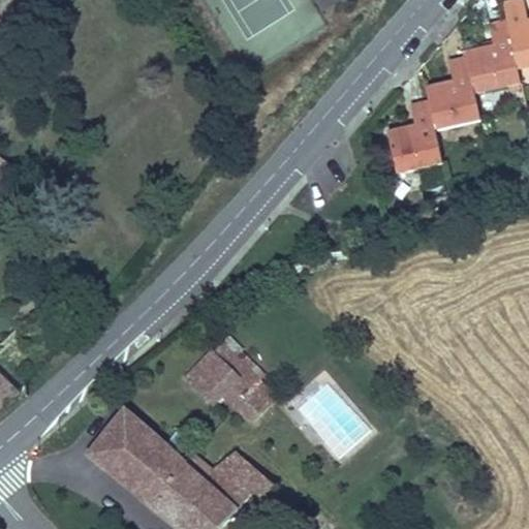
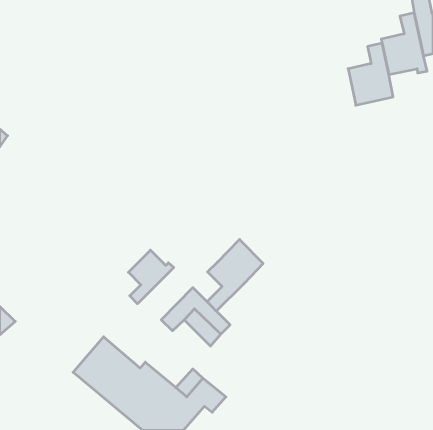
building: [385,97,441,172] -> none
building: none -> [207,239,263,311]
building: none -> [128,250,174,304]

